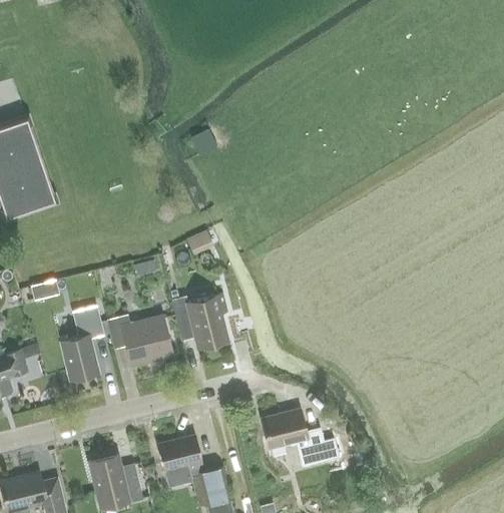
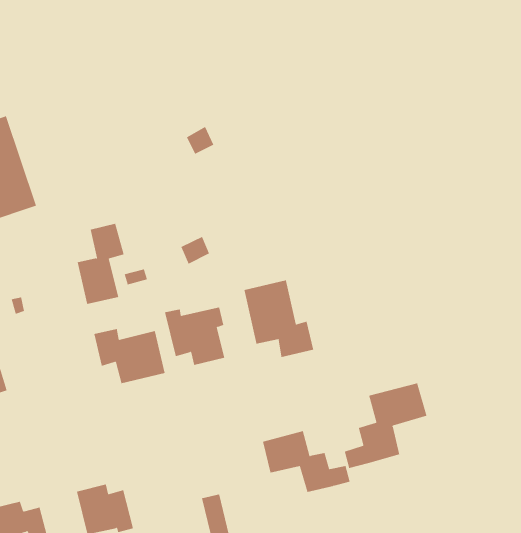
building: none -> [244,280,314,358]
building: [60,306,104,381] -> [77,223,125,305]
building: none -> [344,382,427,469]
building: [157,435,205,487] -> none

